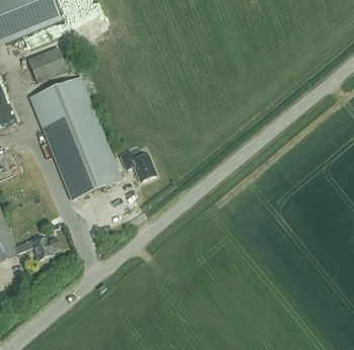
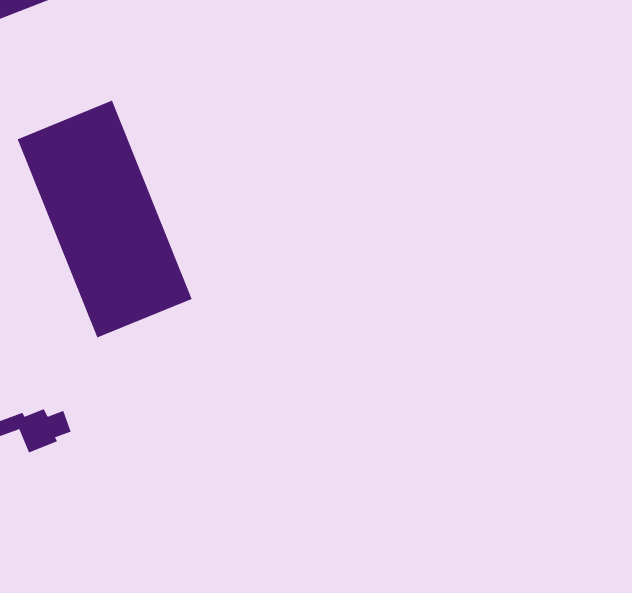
building: [26,47,67,82] -> none
building: [120,151,156,181] -> none

